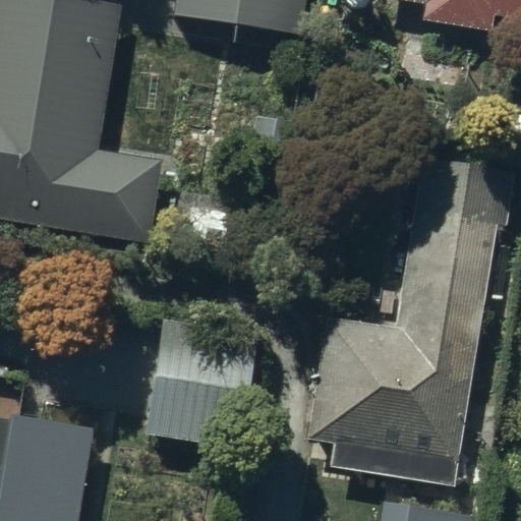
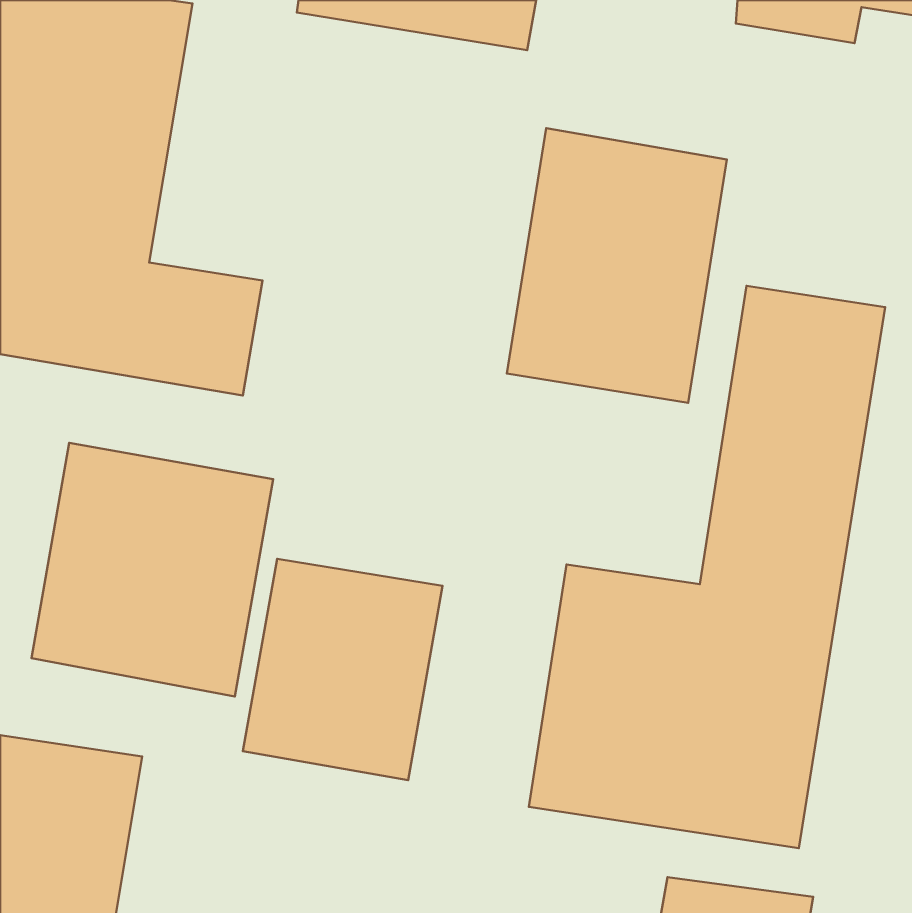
building: none -> [507,128,727,403]
building: none -> [31,443,273,696]

